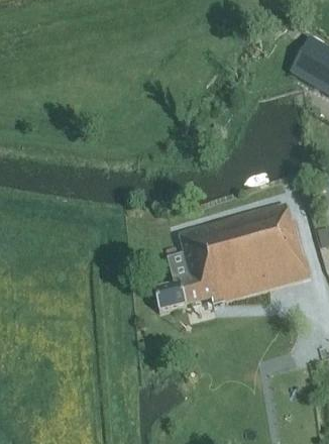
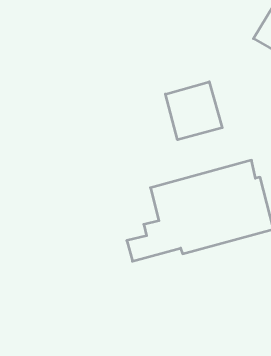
building: none -> [165,82,222,140]

